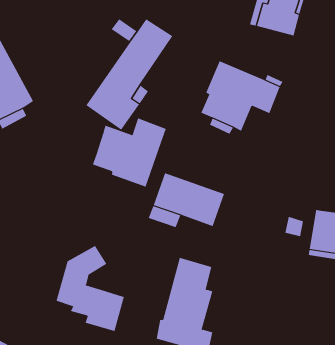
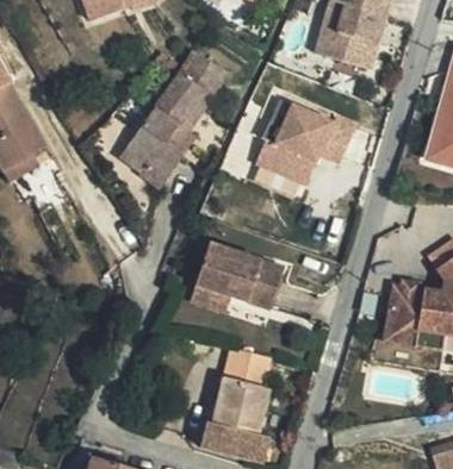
building: [92,118,166,187] -> none
building: [56,245,125,332] -> none

